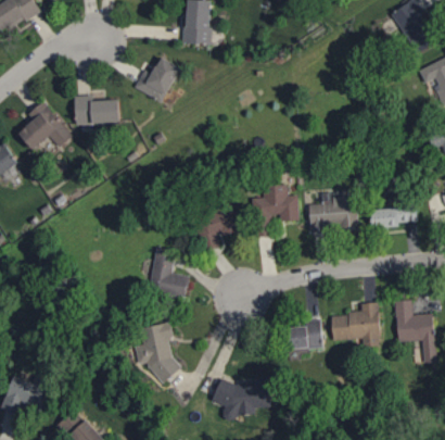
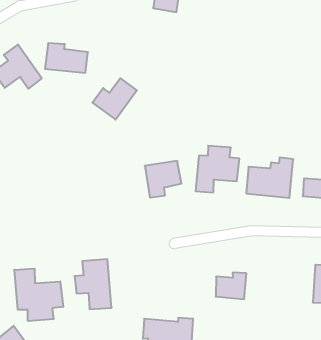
building: [134,56,180,102] -> [92,78,137,120]
building: [148,248,188,297] -> none
building: [331,302,379,347] -> none
building: none -> [14,269,63,321]

